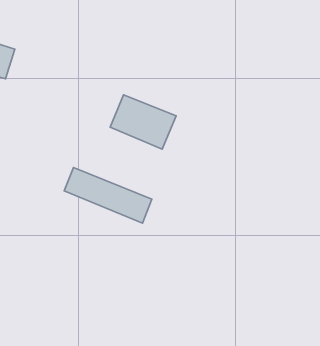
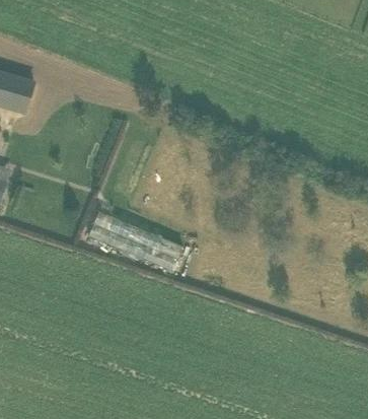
building: [110,95,176,149] -> none

